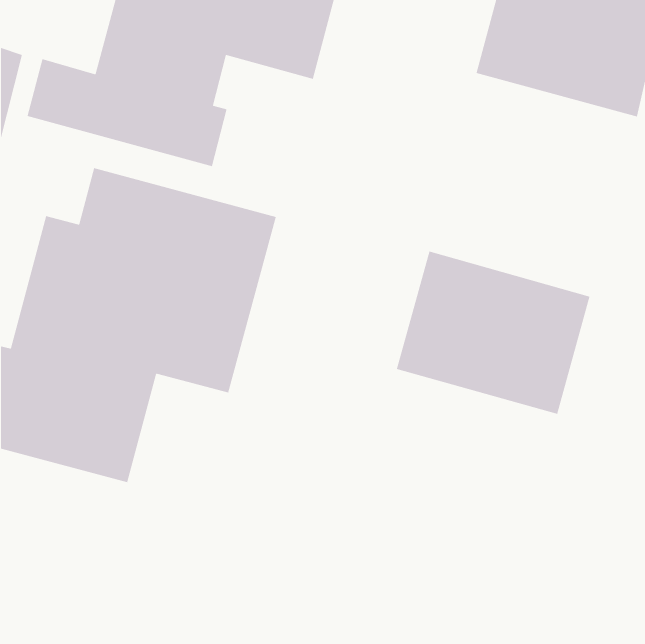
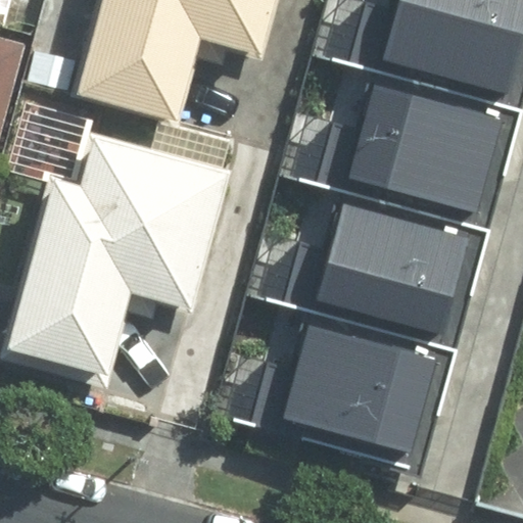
building: none -> [356,84,514,217]
building: none -> [285,319,442,450]

